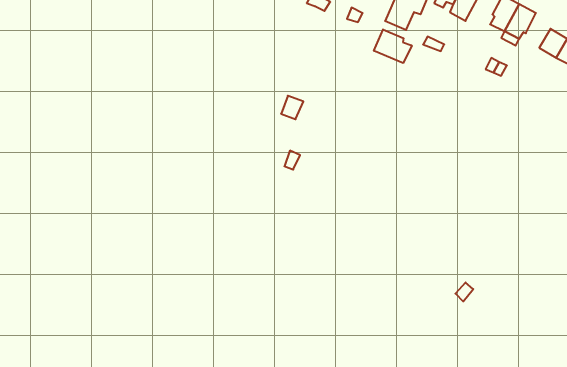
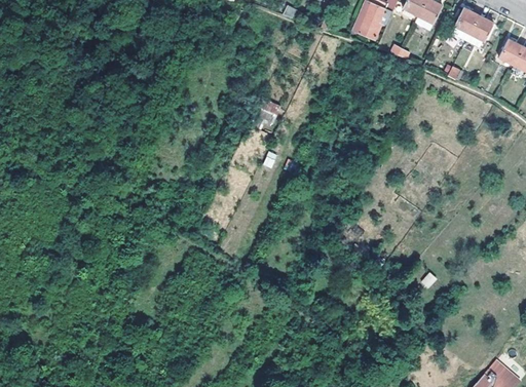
building: [374,29,412,63] -> none

